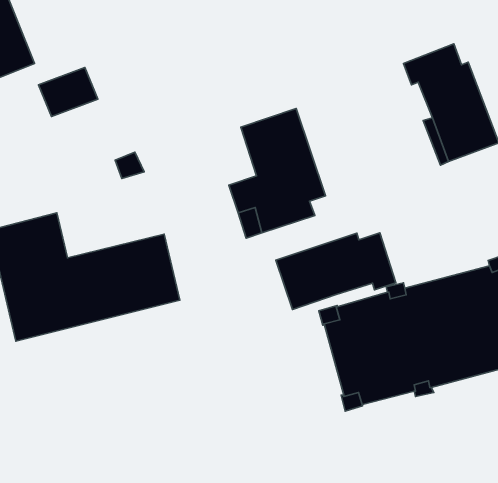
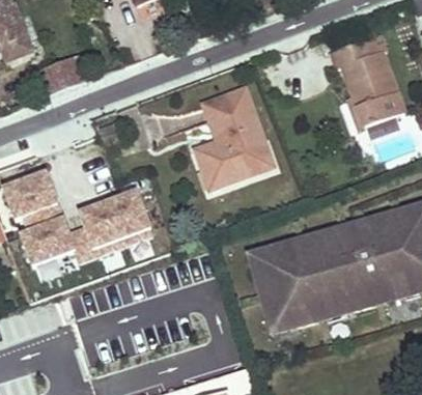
building: [276,233,396,309] -> none

